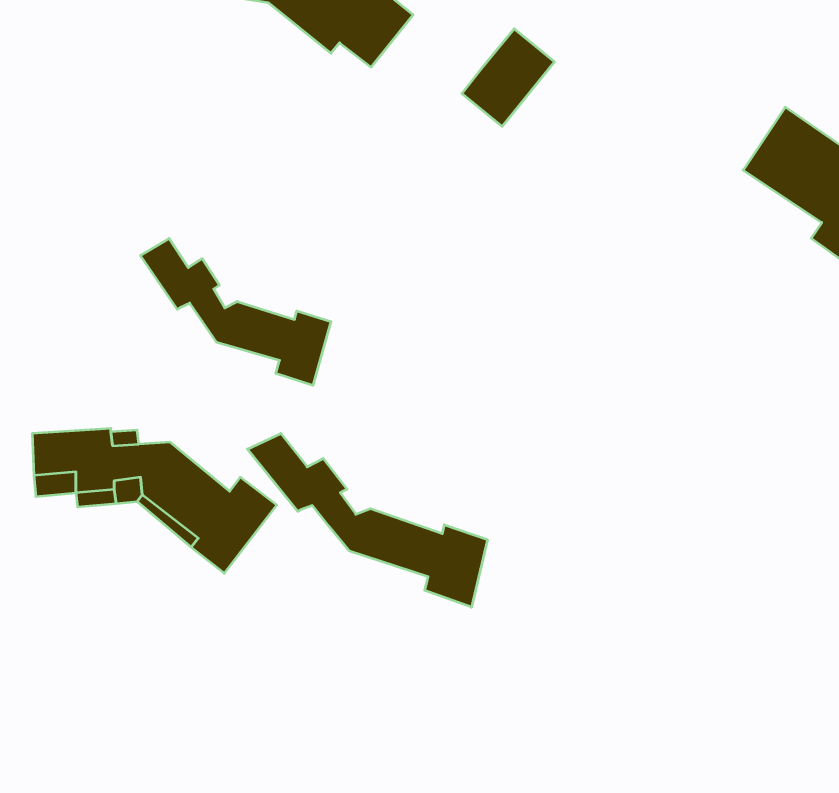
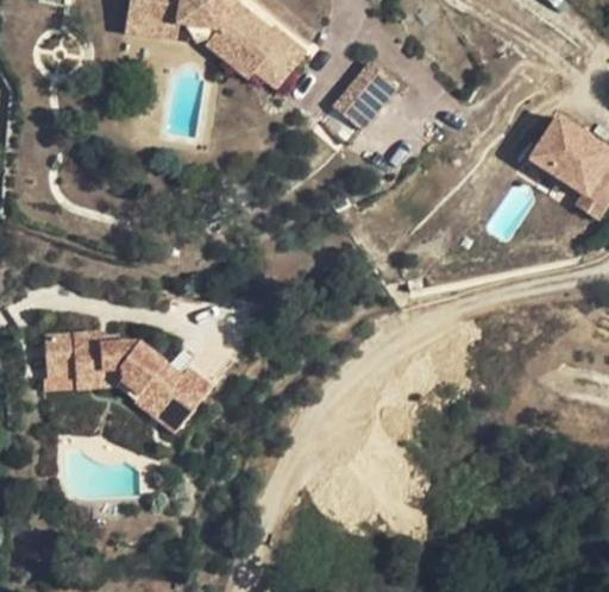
building: [141,238,331,385] -> none
building: [247,433,487,607] -> none

